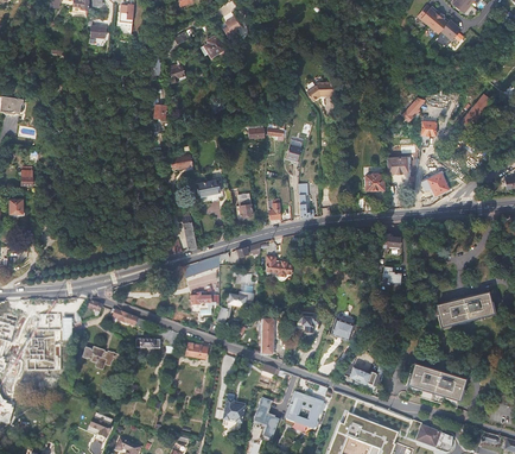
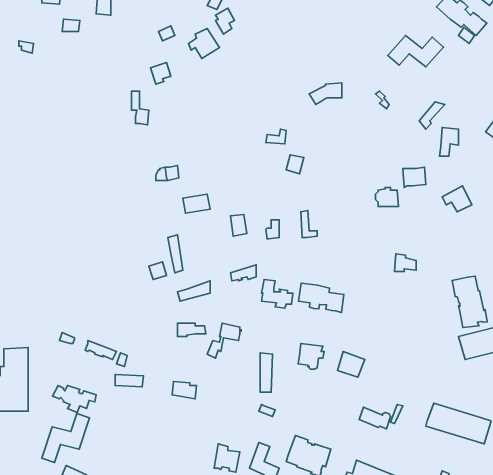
building: none -> [388,35,444,67]
building: none -> [452,276,487,327]
building: none -> [299,283,344,312]
building: none -> [42,414,90,462]

